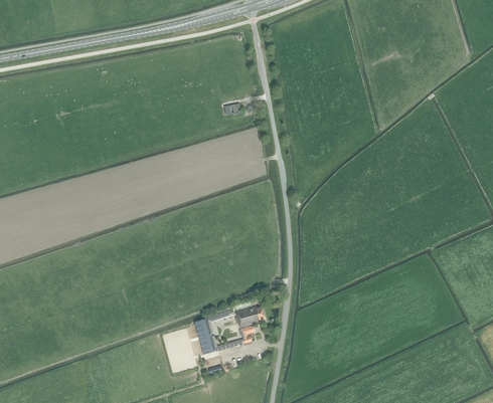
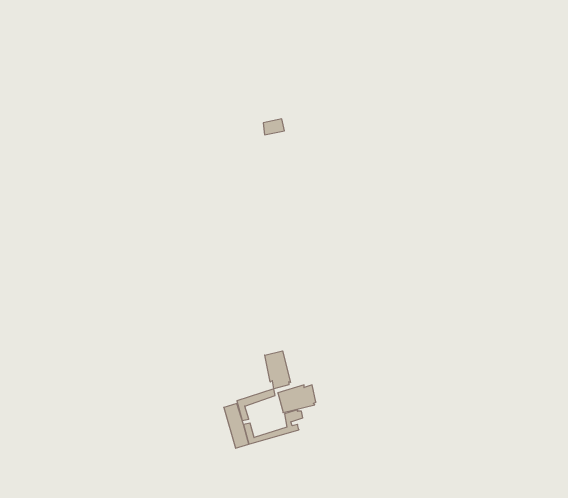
building: none -> [265,351,290,389]

